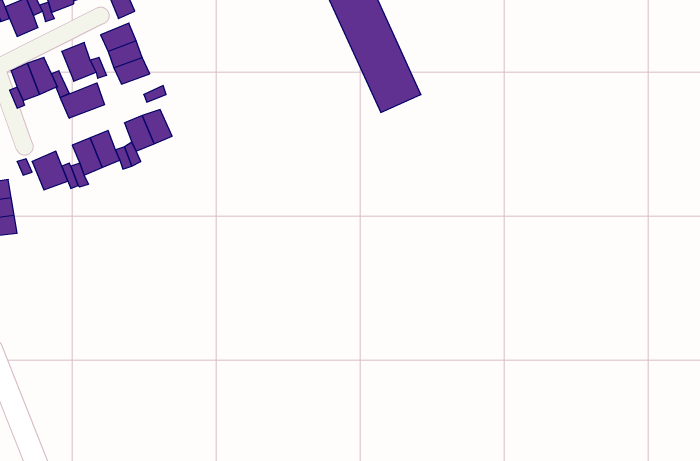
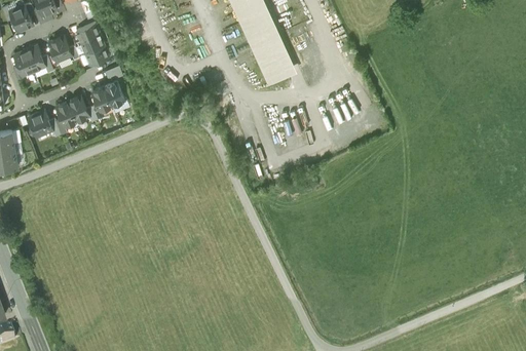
building: [60,83,105,118] -> none

